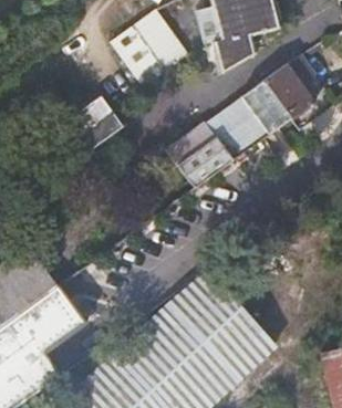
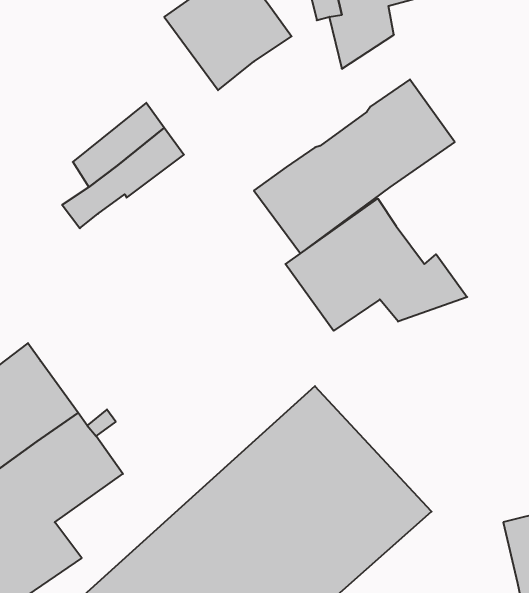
building: [262,53,315,121] -> none
building: none -> [285,199,467,331]

